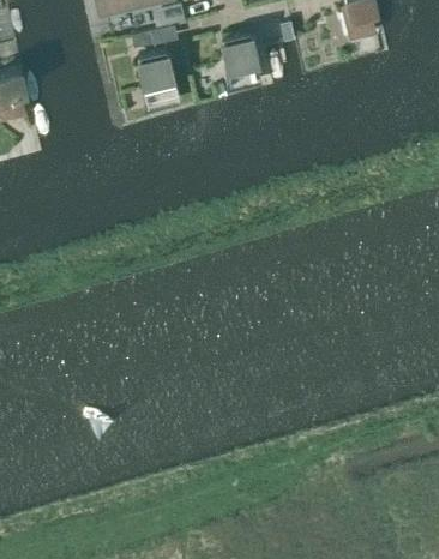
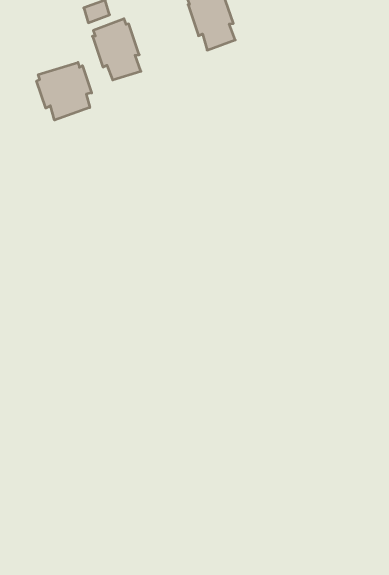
building: none -> [37,62,92,120]

